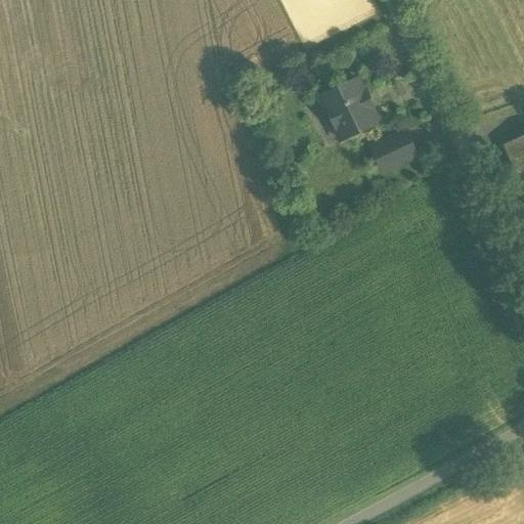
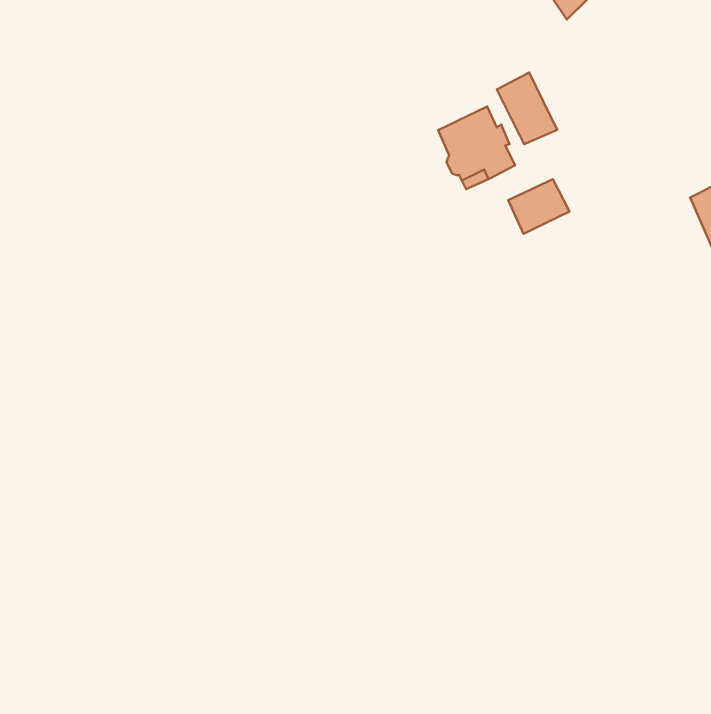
building: none -> [497,73,557,144]

